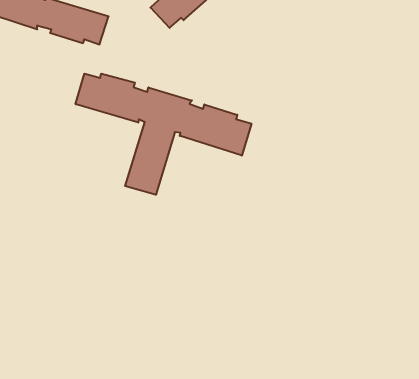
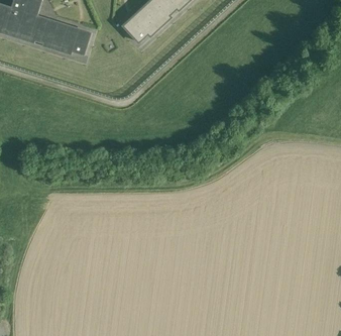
building: [76,74,251,195] -> none

